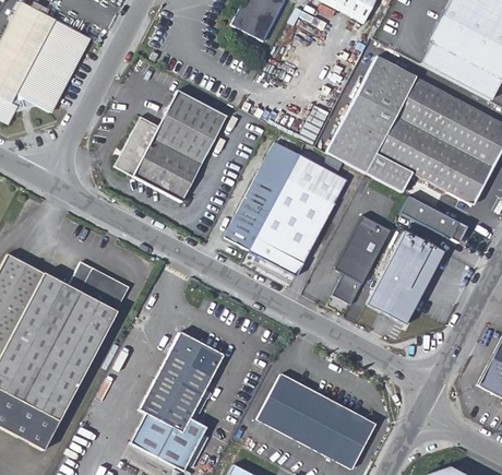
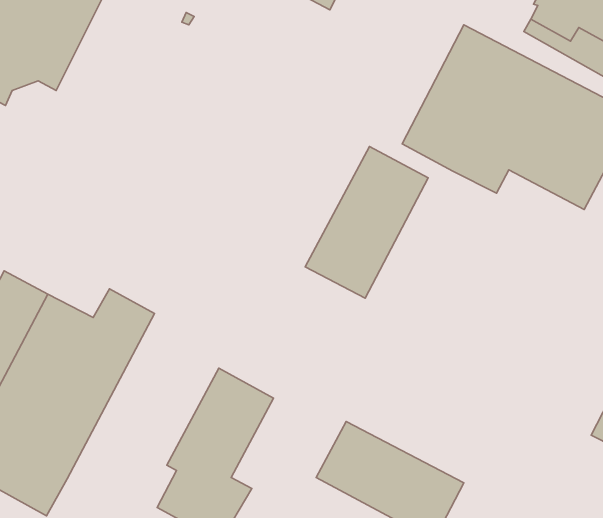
building: [113,91,225,201] -> none
building: [225,141,300,250] -> none
building: [398,194,466,242] -> none
building: [333,215,391,304] -> none
building: [368,231,443,322] -> none

